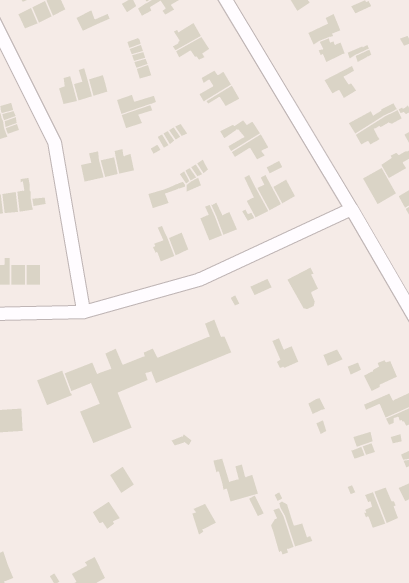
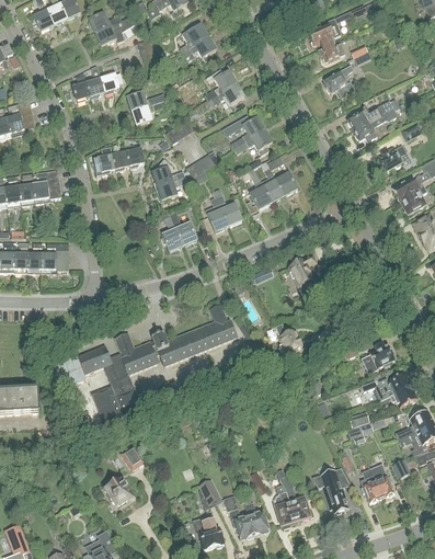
building: none -> [95,15,135,45]
building: none -> [151,156,185,185]
building: [362,167,397,205] -> none
building: [212,458,259,502] -> [224,495,267,537]
building: none -> [313,467,350,512]
building: none -> [193,514,224,549]

